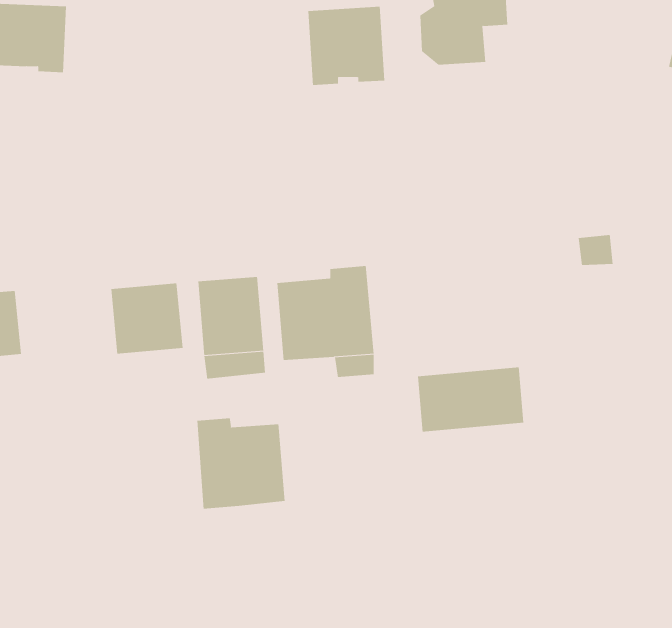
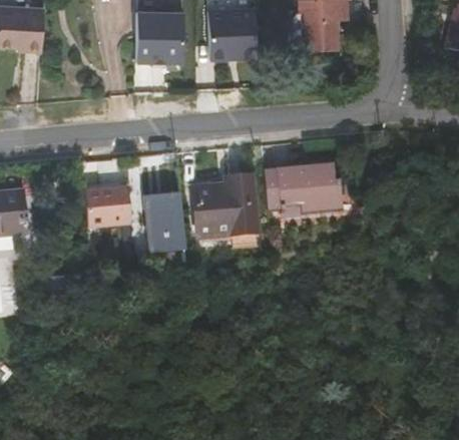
building: none -> [147,10,195,62]
building: [417,367,524,432] -> [262,163,331,205]
building: [197,418,285,509] -> none

